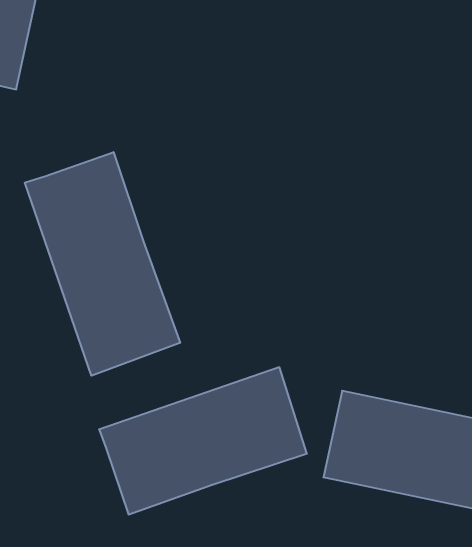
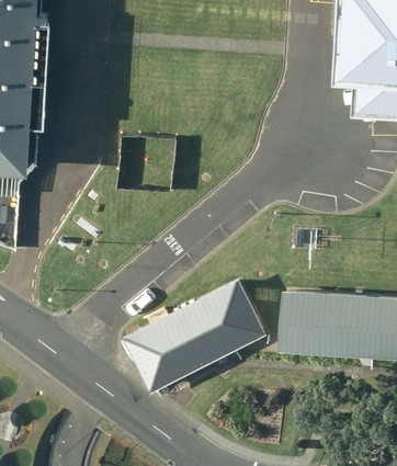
building: [25,152,180,376] -> none

